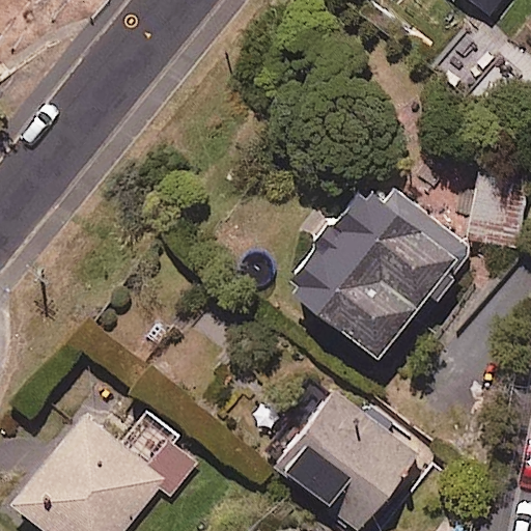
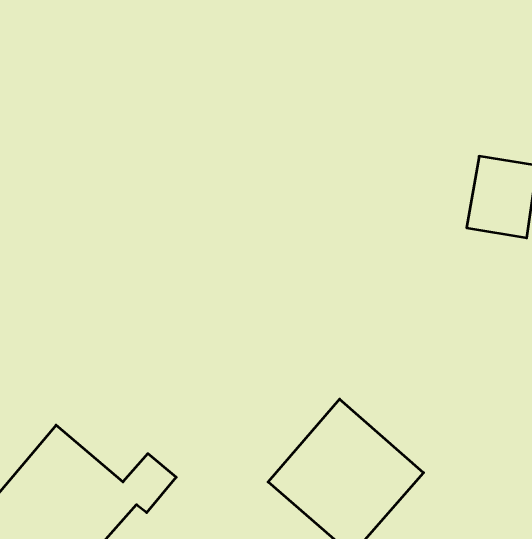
building: [280,175,450,353] -> none

